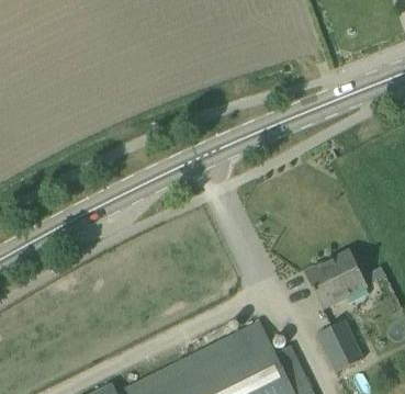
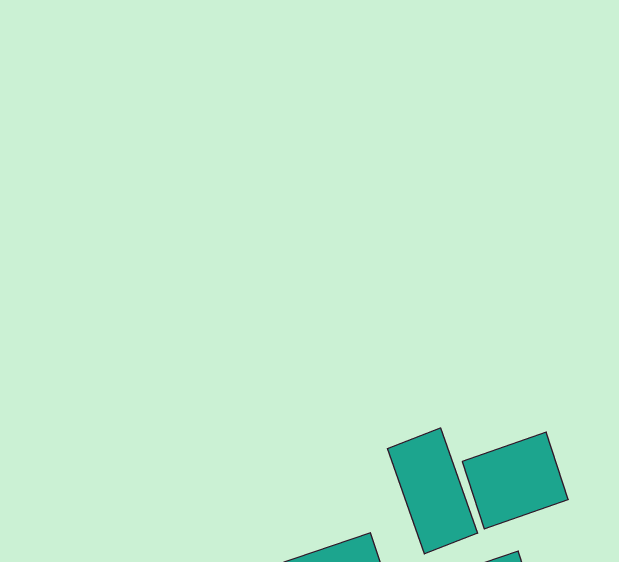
building: none -> [387,428,478,554]

